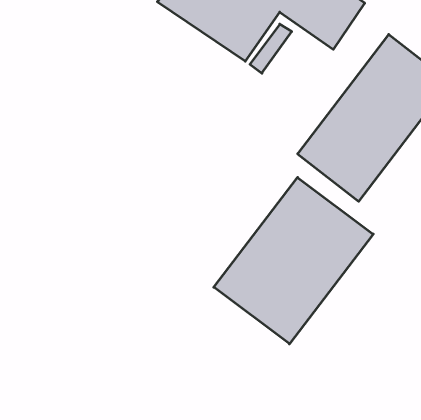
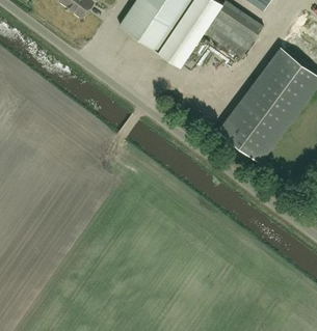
building: [214,177,373,344] -> none

